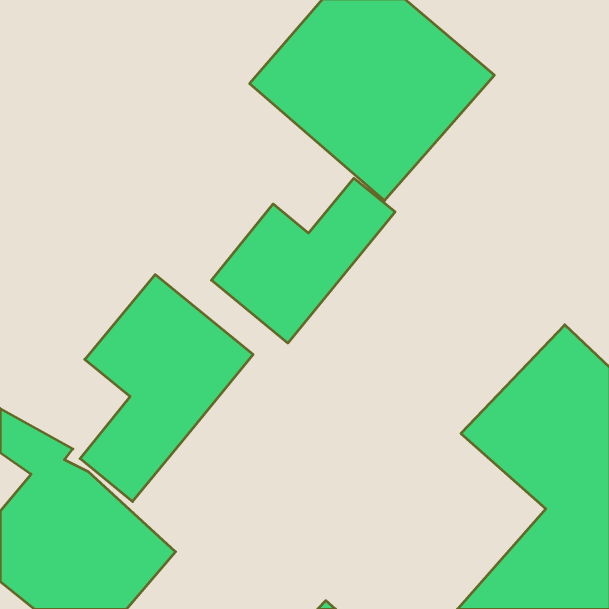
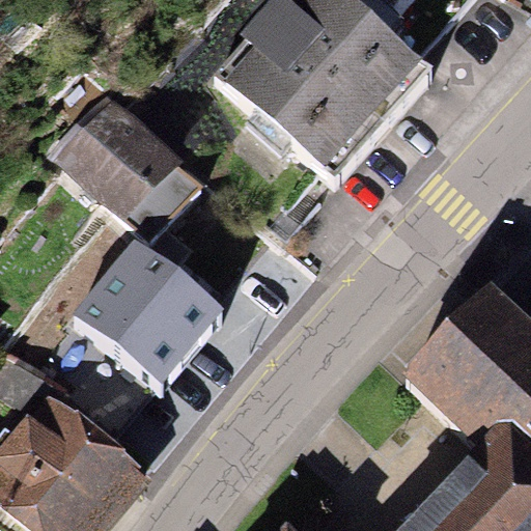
building: none -> [50,99,200,242]
building: [211,178,395,343] -> none

